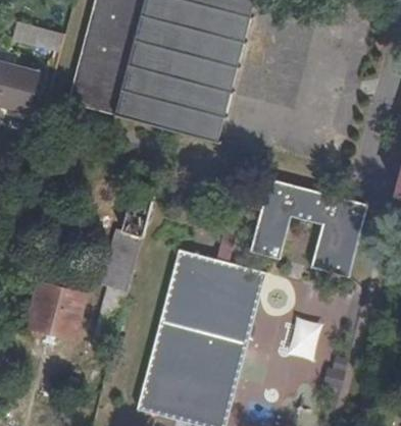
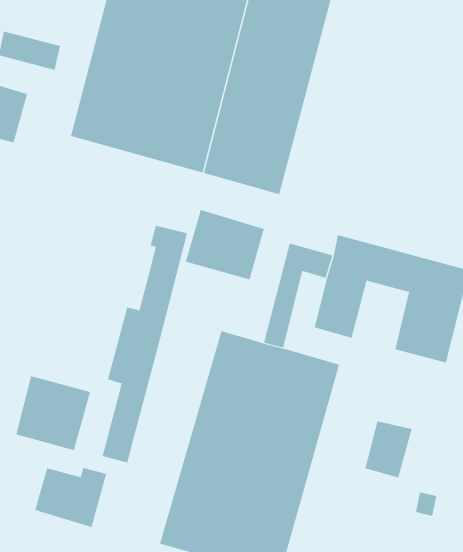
building: none -> [185,209,264,280]
building: none -> [34,467,107,528]

